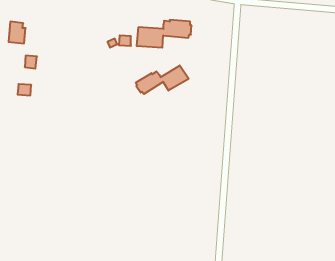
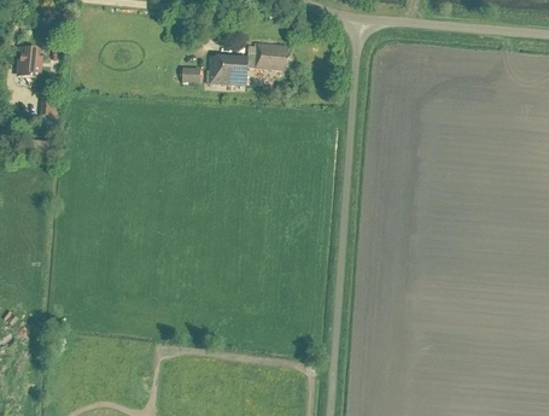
building: [136,65,189,94] -> none

